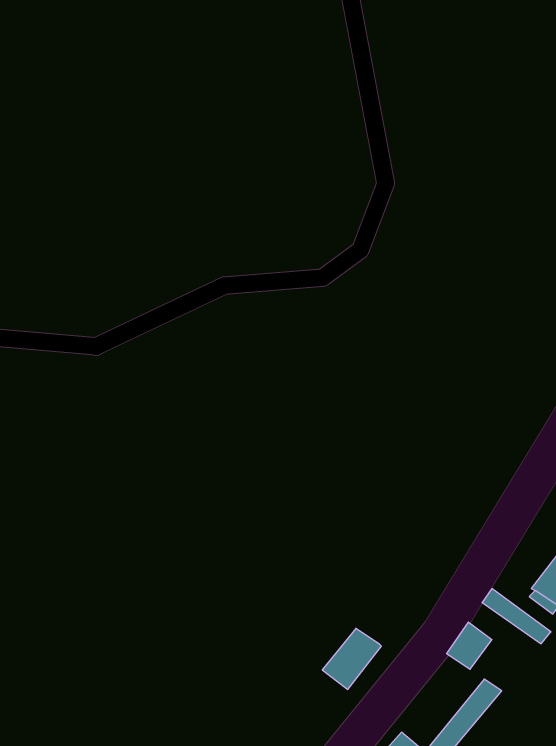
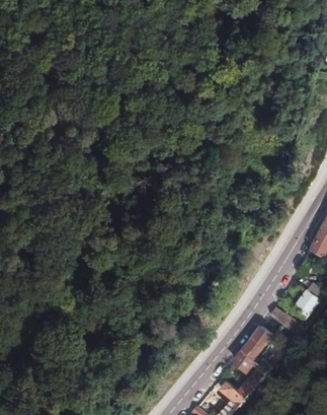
building: [322,628,381,689] -> [231,341,261,372]

